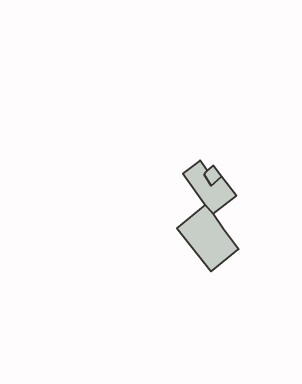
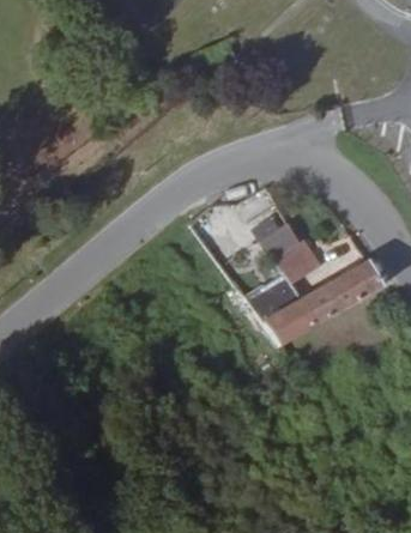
building: none -> [308,255,386,322]

